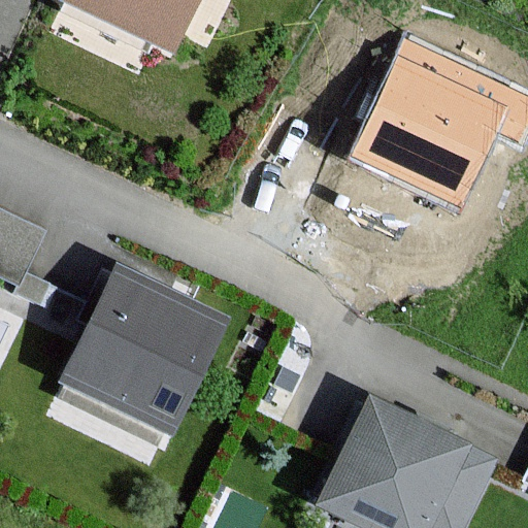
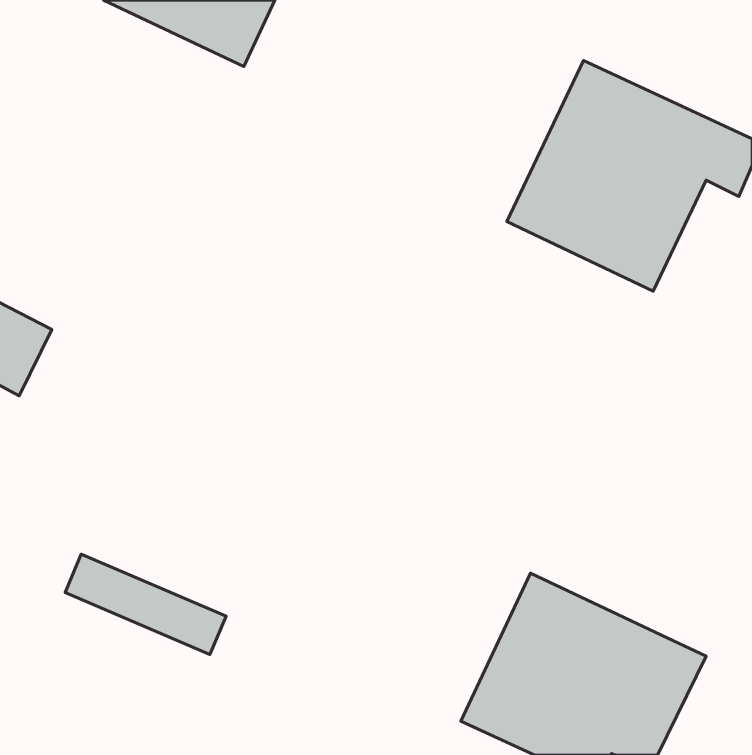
building: [66,269,223,428] -> none

